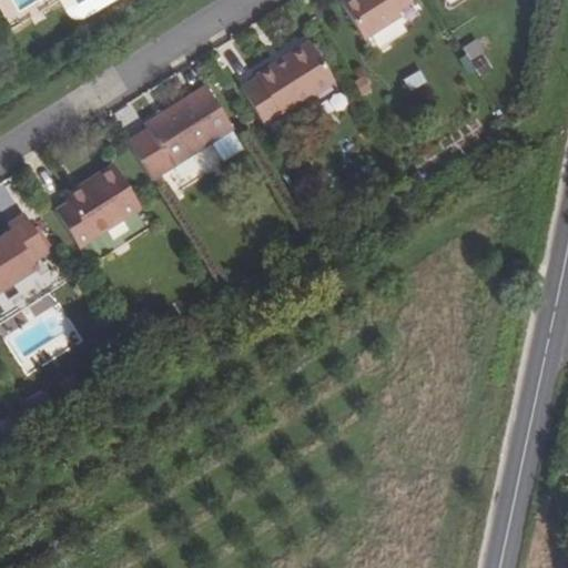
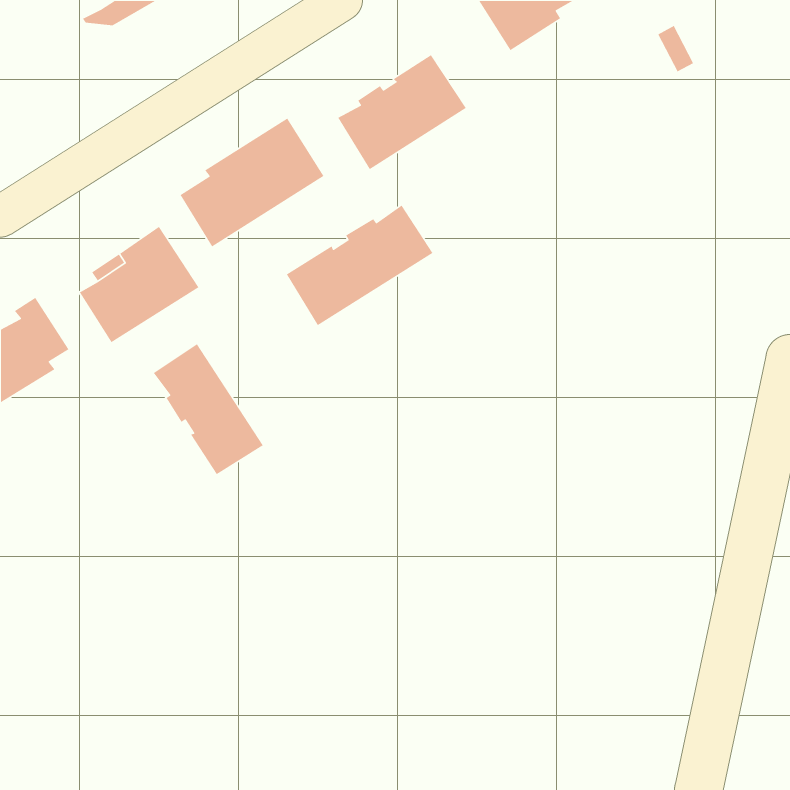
building: none -> [286,204,433,326]
building: none -> [153,343,264,475]

